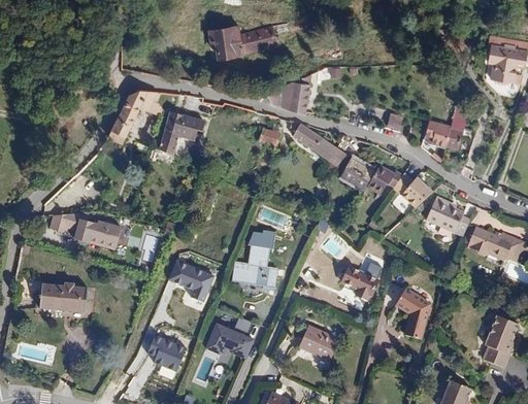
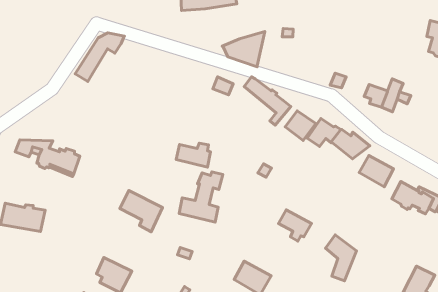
building: [155,111,204,156] -> none
building: none -> [176,143,211,167]
building: [207,323,256,358] -> none

